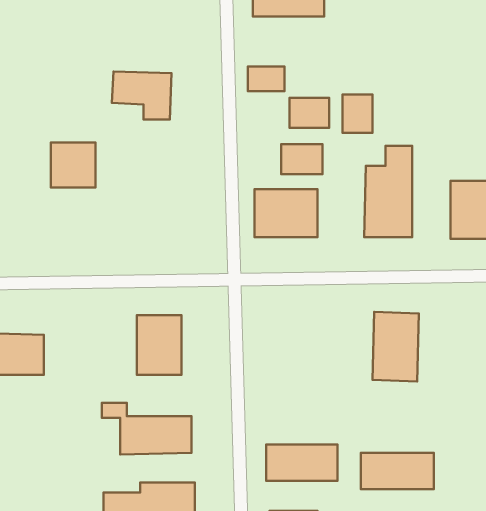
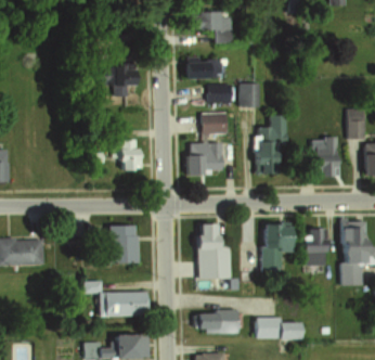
building: [51,143,96,187] -> [112,141,141,170]
building: none -> [198,223,232,279]
building: none -> [305,229,329,254]

